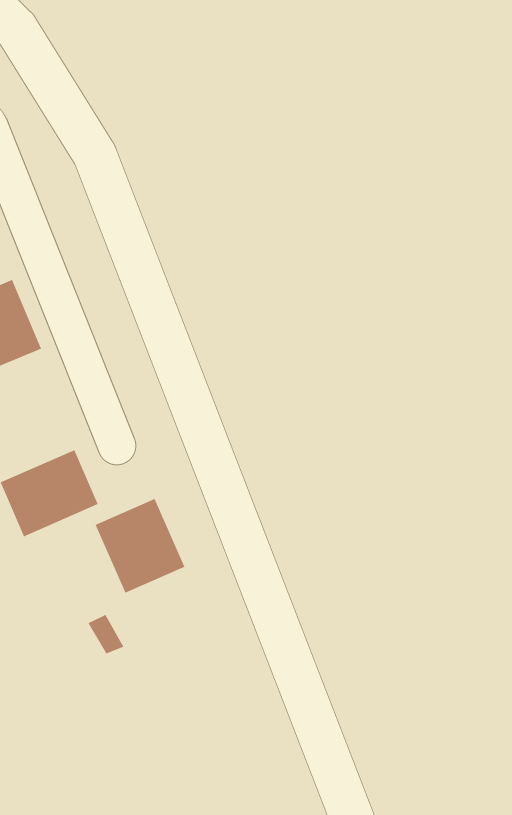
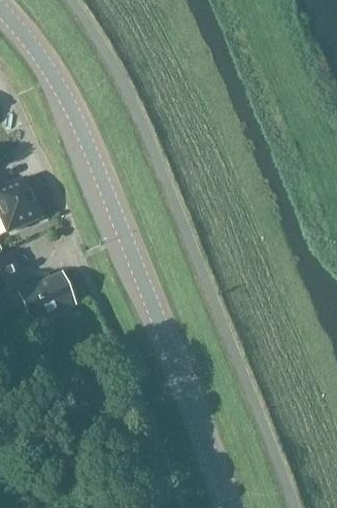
building: [95,498,185,593] -> none

